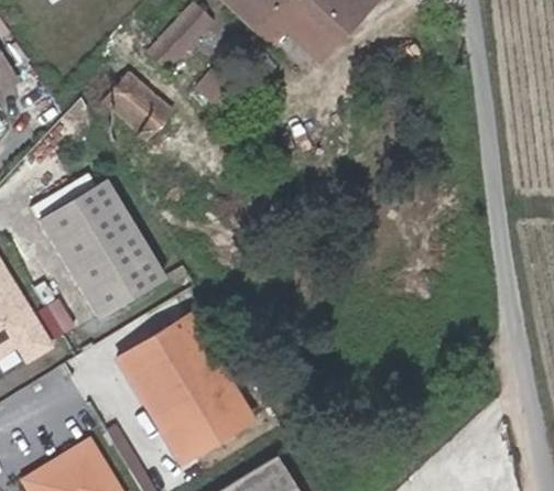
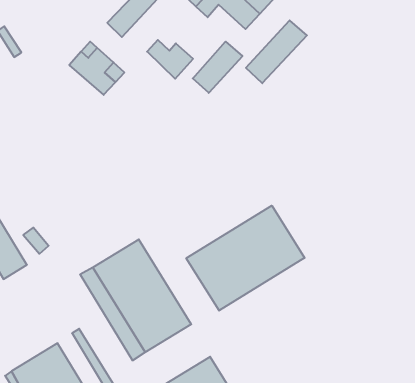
building: none -> [246,20,307,83]
building: none -> [193,42,242,93]
building: [41,178,164,316] -> none
building: none -> [186,206,305,311]

